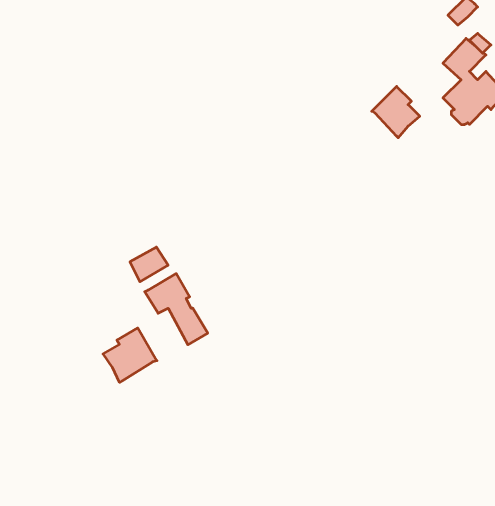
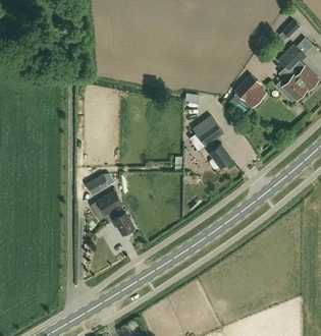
building: none -> [190,115,231,168]
building: [103,328,157,382] -> none

